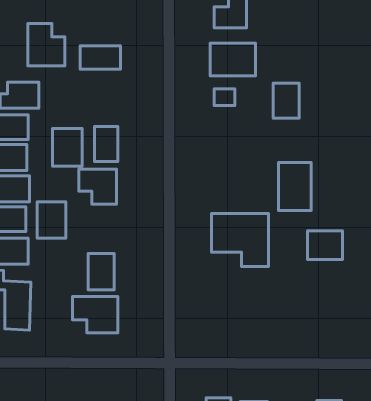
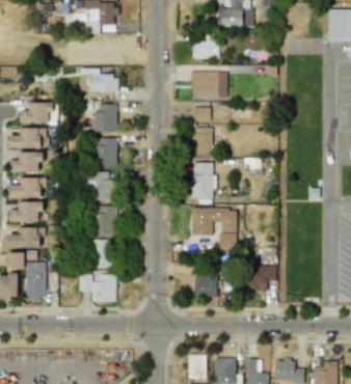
building: [28,24,65,66] -> none
building: [273,83,299,118] -> [192,128,213,156]
building: [52,129,82,166] -> [93,103,117,133]
building: [279,162,311,211] -> [190,162,216,200]
building: [37,202,66,238] -> [93,205,116,235]
building: [307,231,342,259] -> [248,266,276,289]
building: none -> [196,276,218,297]

